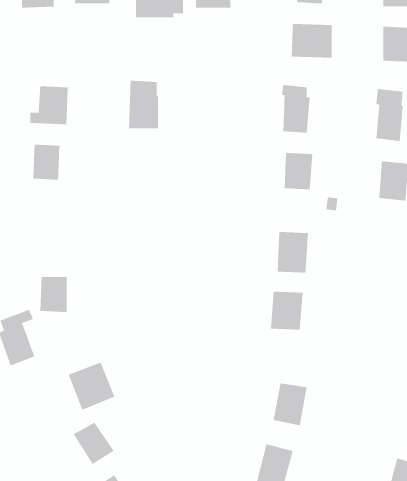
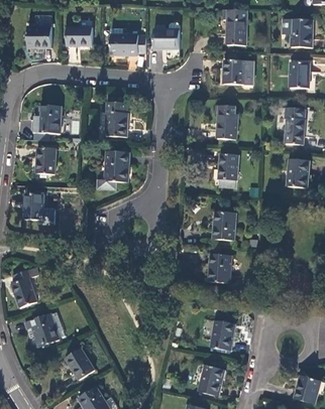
building: none -> [97,151,129,188]
building: [40,277,67,313] -> [23,193,43,220]
building: [68,362,115,411] -> [24,313,59,349]

